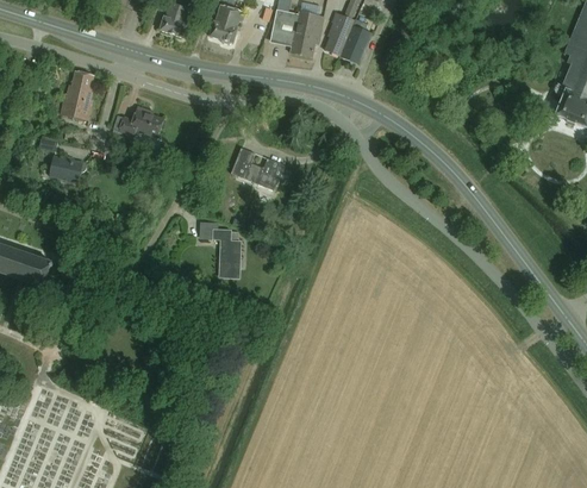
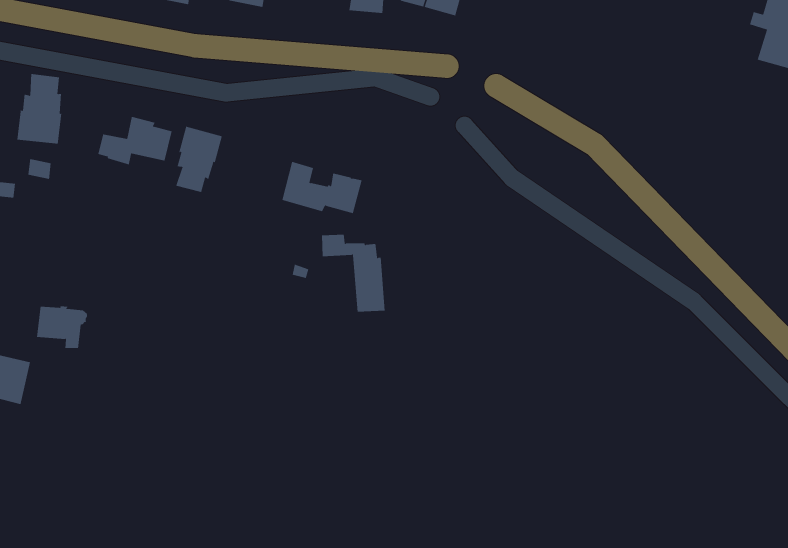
building: none -> [176,126,222,193]
building: [50,156,86,187] -> [36,306,88,349]
building: [201,223,241,277] -> [321,234,386,312]

